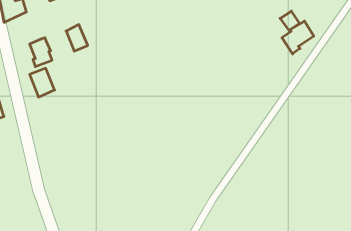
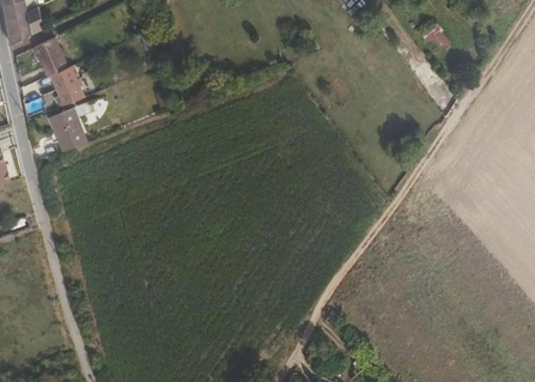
building: [282,21,314,54] -> none
building: [66,25,88,51] -> [32,36,65,75]

